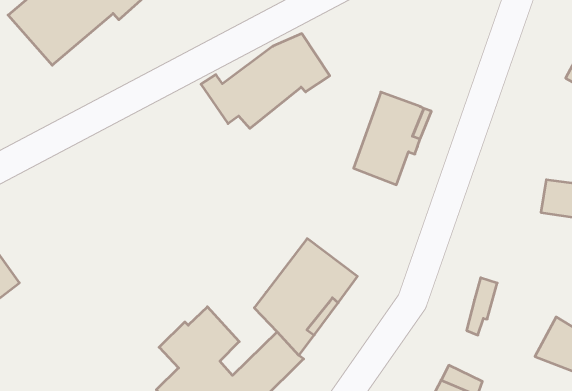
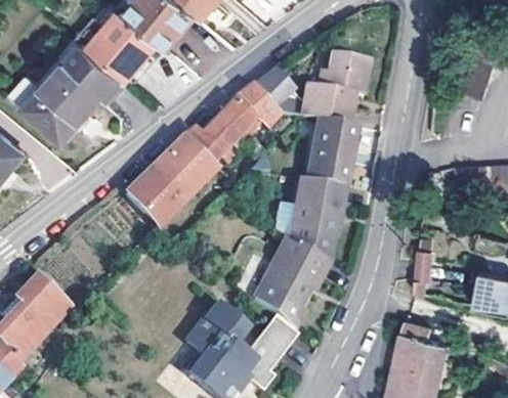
building: none -> [252,55,373,126]
building: none -> [124,136,212,226]
building: none -> [282,179,343,263]

